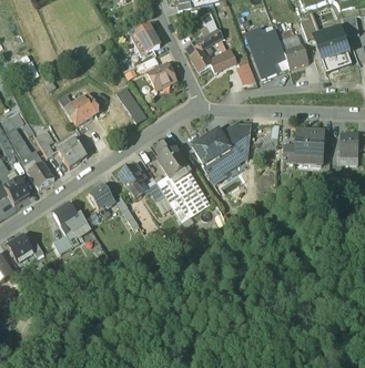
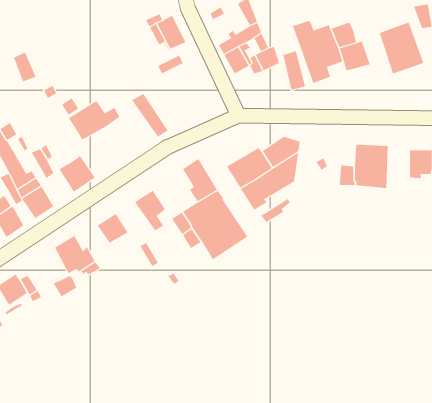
building: [148,63,176,90] -> none

